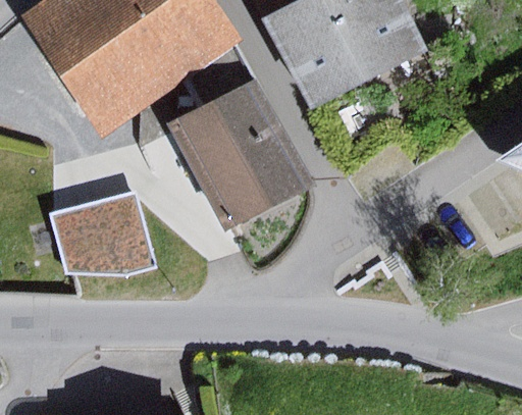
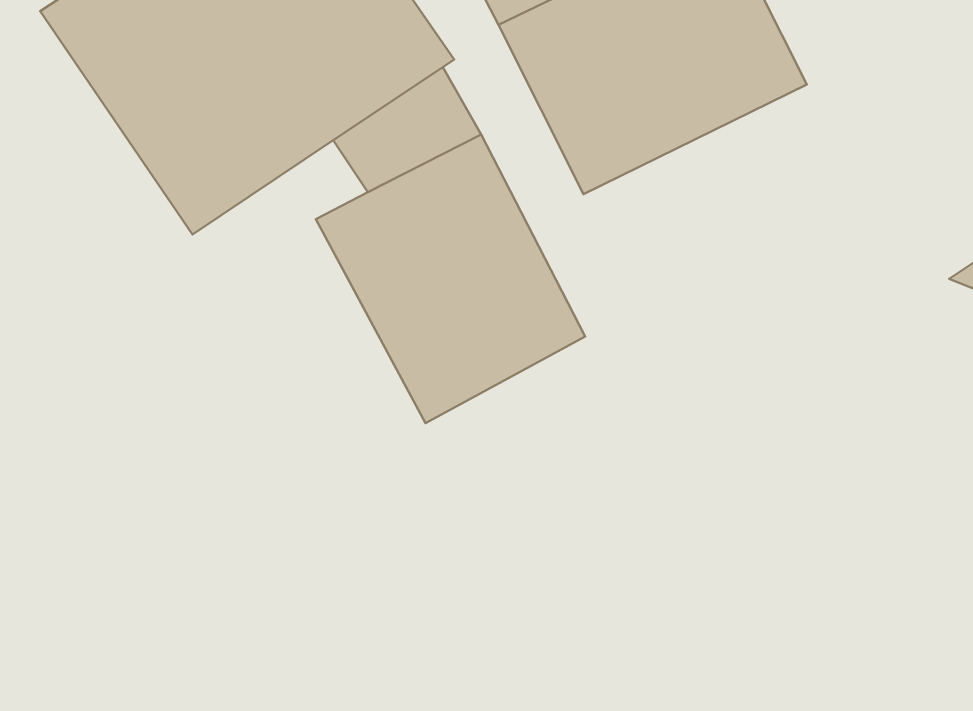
building: [45,191,154,277] -> none

